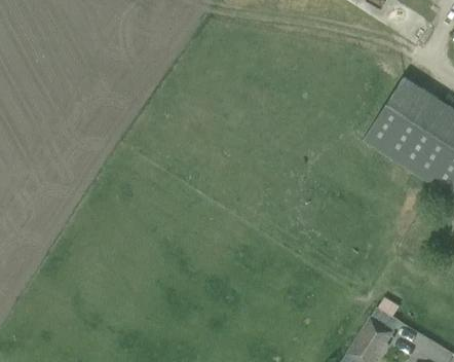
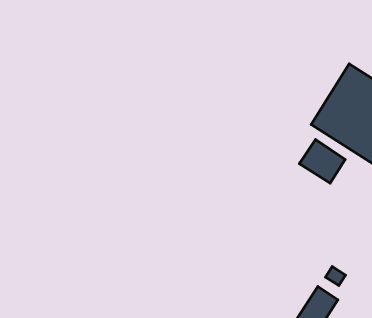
building: none -> [300,140,345,183]

